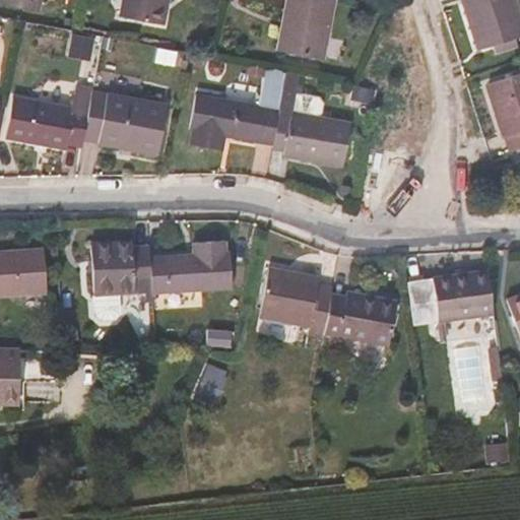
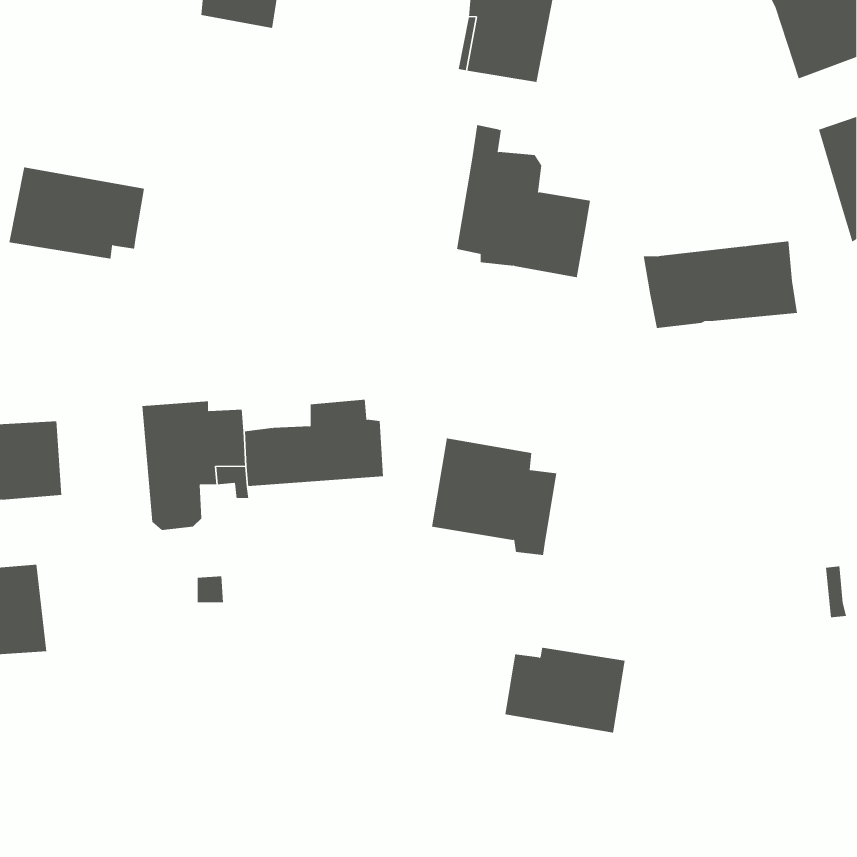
building: [189,92,284,158] -> none
building: [82,93,168,161] -> none
building: [408,264,502,317] -> [643,241,798,328]
building: [329,287,402,339] -> [504,647,626,733]

